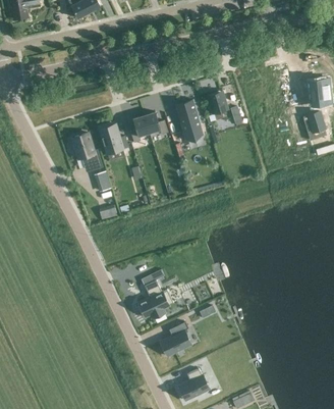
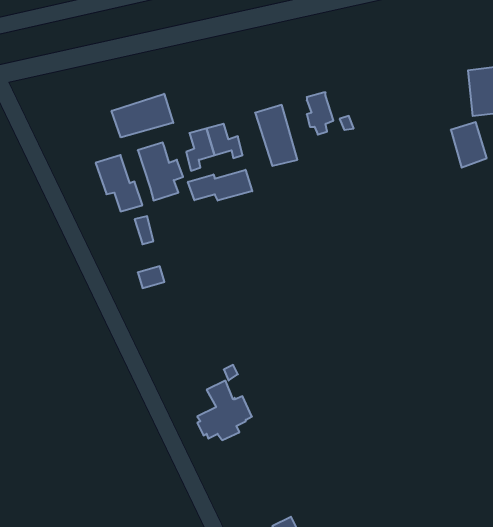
building: none -> [112,94,173,137]
building: none -> [188,170,252,201]
building: [160,321,191,355] -> none

